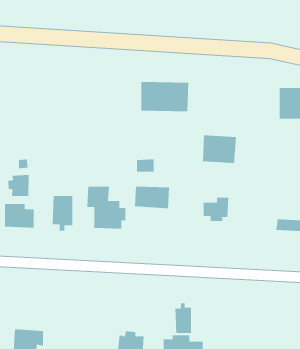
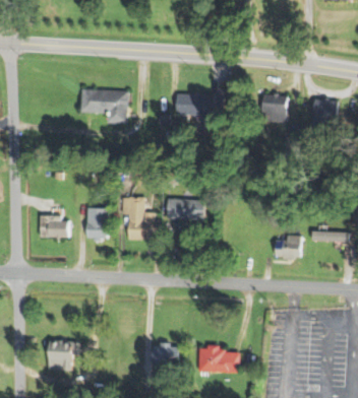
building: none -> [81,86,129,126]
building: [202,135,237,163] -> [253,93,288,122]
building: [8,174,29,197] -> none
building: [203,197,229,222] -> [274,236,300,260]
building: [175,302,191,334] -> none

